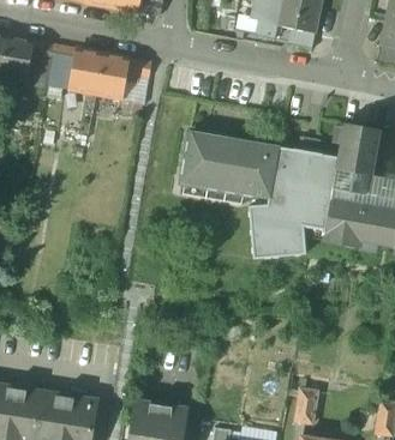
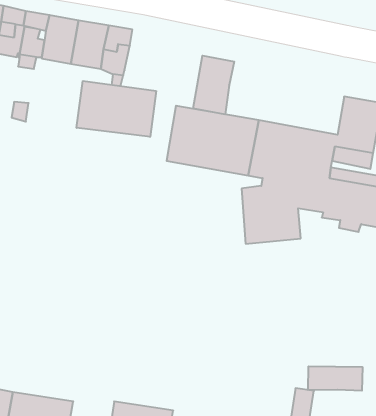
building: none -> [193,56,234,114]
building: none -> [77,81,156,137]
building: none -> [308,366,362,391]

